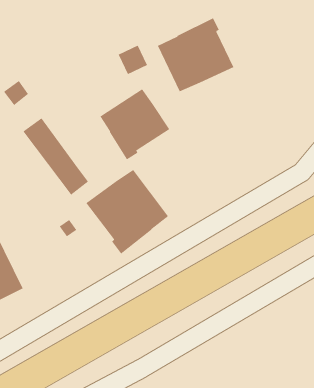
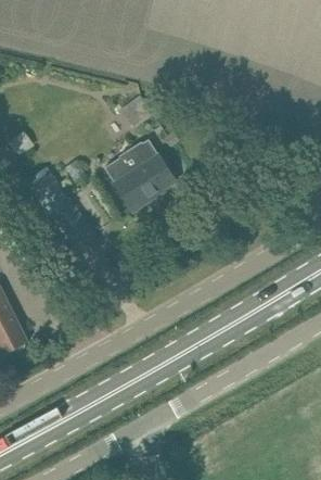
building: [157,17,234,92] -> none
building: [86,169,169,254] -> none

